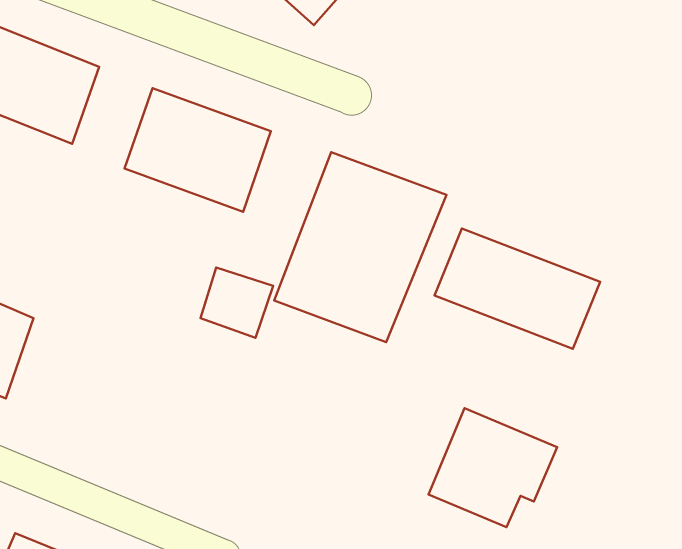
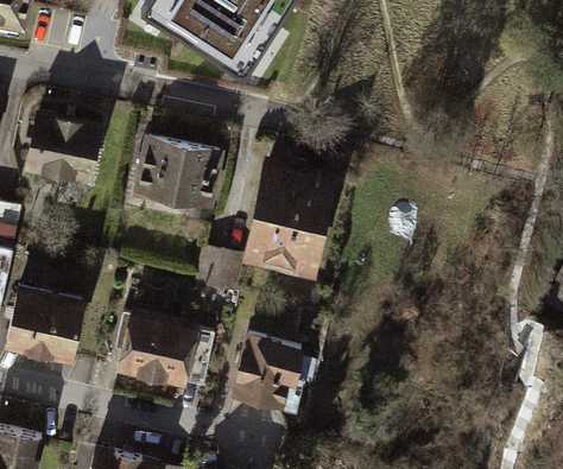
building: [434,229,600,349] -> none
building: none -> [116,312,202,387]
building: [429,408,557,527] -> [236,334,317,408]

